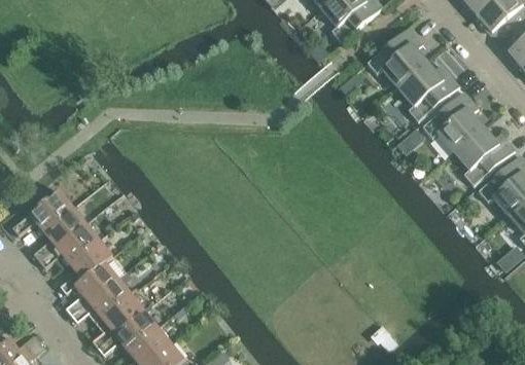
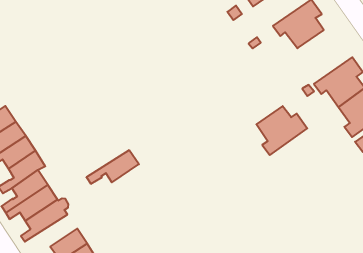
building: [398,62,459,121] -> [256,106,307,155]
building: [98,311,159,355] -> [86,150,139,184]

